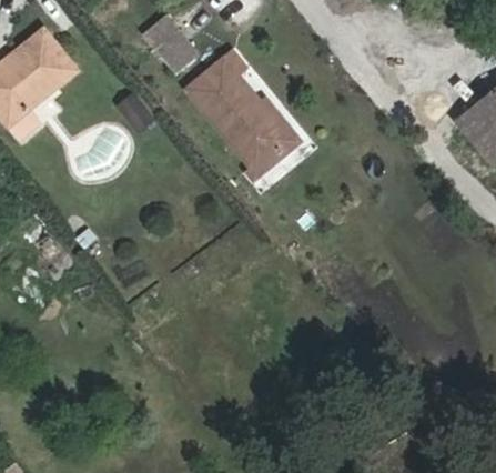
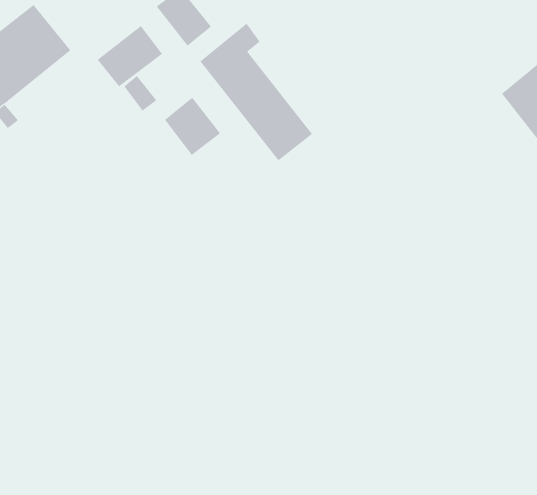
building: none -> [97,25,163,87]
building: none -> [164,97,221,156]

